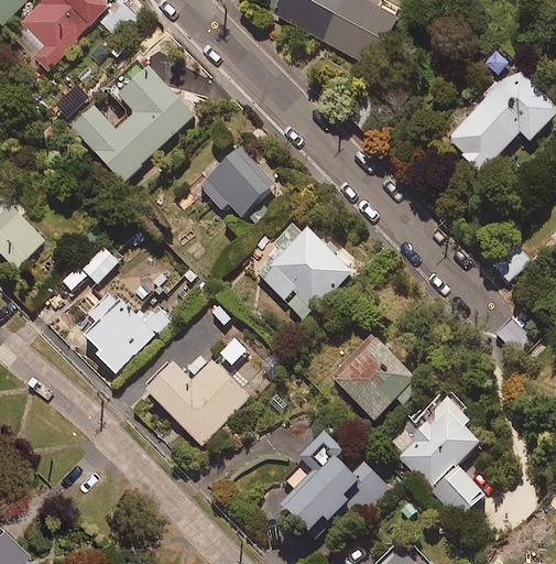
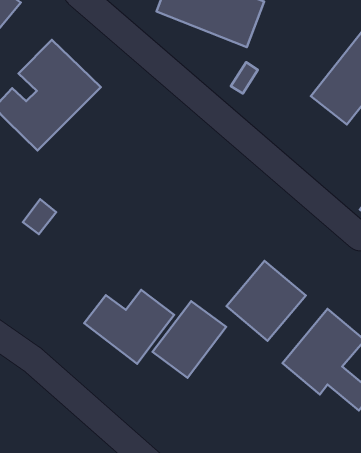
building: [198,143,273,217] -> none
building: [251,221,351,324] -> none
building: [81,288,184,372] -> none
building: [287,451,375,540] -> [153,301,226,378]

